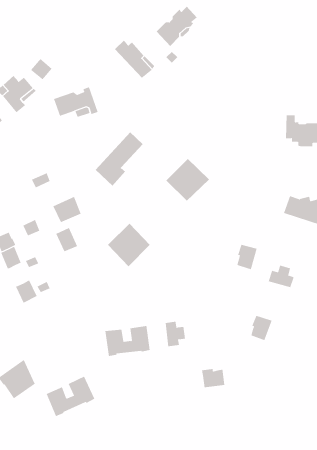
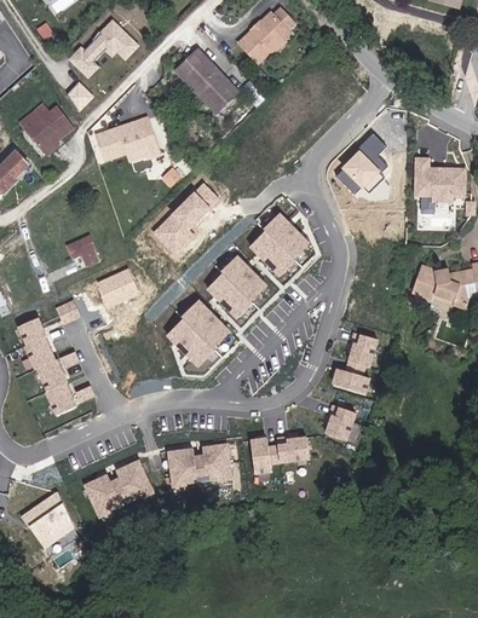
building: none -> [70,21,137,75]
building: none -> [334,132,388,194]
building: none -> [209,259,270,318]
building: [56,227,78,252] -> none
building: none -> [36,359,67,391]
building: [268,265,294,288] -> [332,363,368,394]
building: [251,315,273,341] -> [324,406,355,441]
building: [201,368,225,388] -> [275,437,307,463]
building: [46,376,95,417] -> [83,461,151,516]

